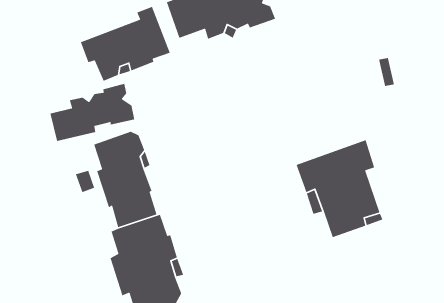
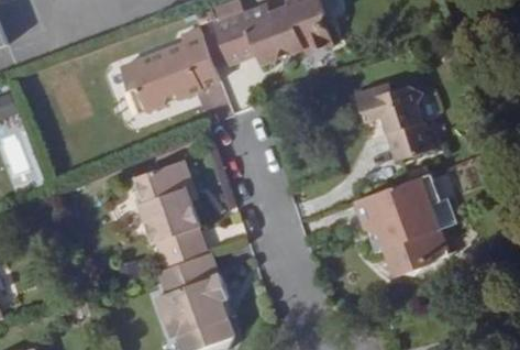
building: none -> [355,85,435,162]
building: [50,83,135,142] -> none

